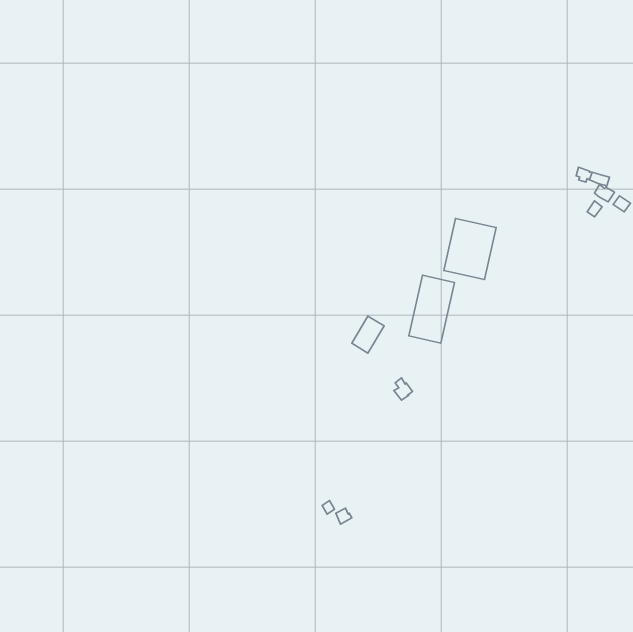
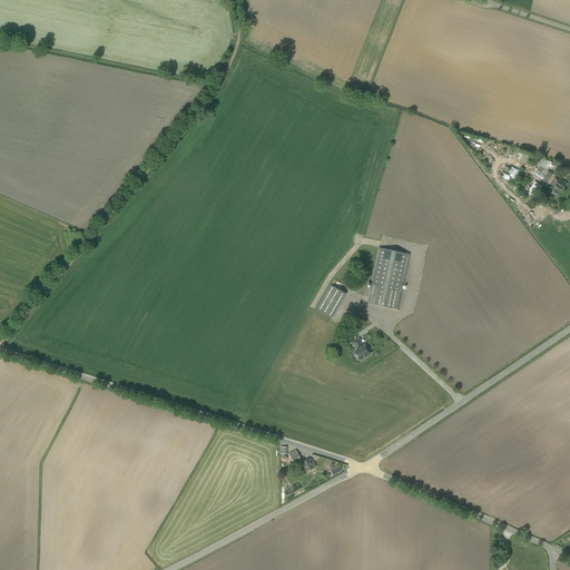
building: [444,218,496,280] -> none

